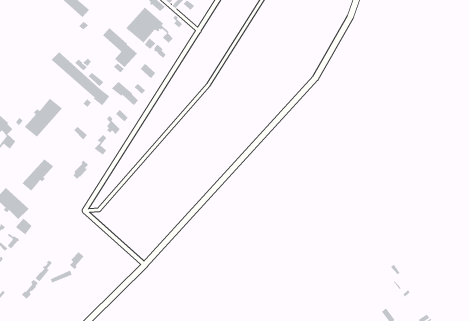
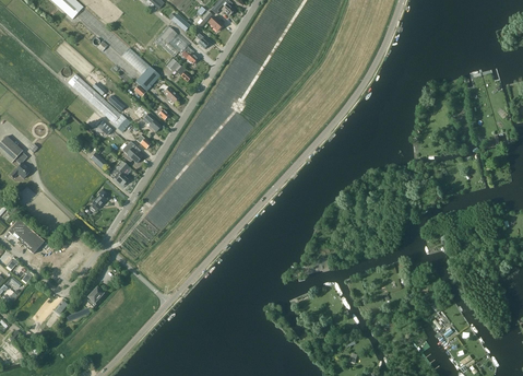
building: [24,98,63,138] -> none
building: [21,158,54,191] -> none

